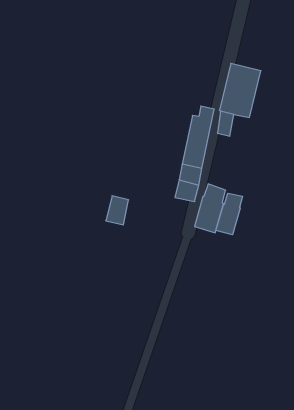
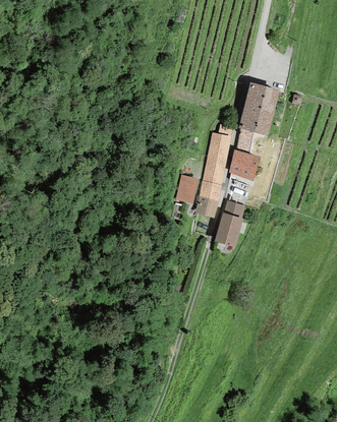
building: none -> [228,149,261,181]
building: [216,193,242,235] -> none
building: [106,196,129,225] -> [175,175,198,203]

